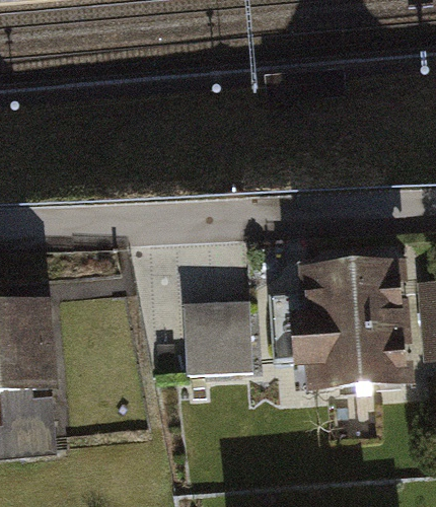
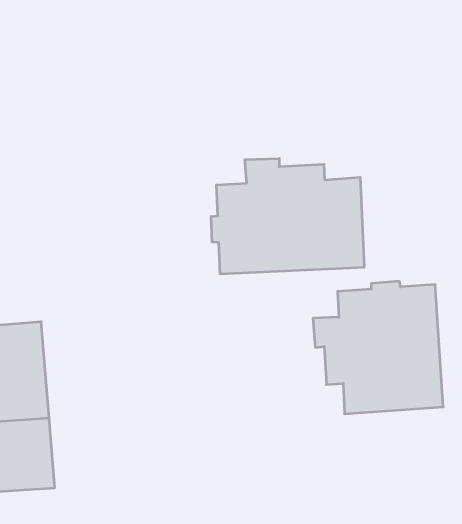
building: none -> [211,158,364,274]
building: [184,300,252,374] -> none

